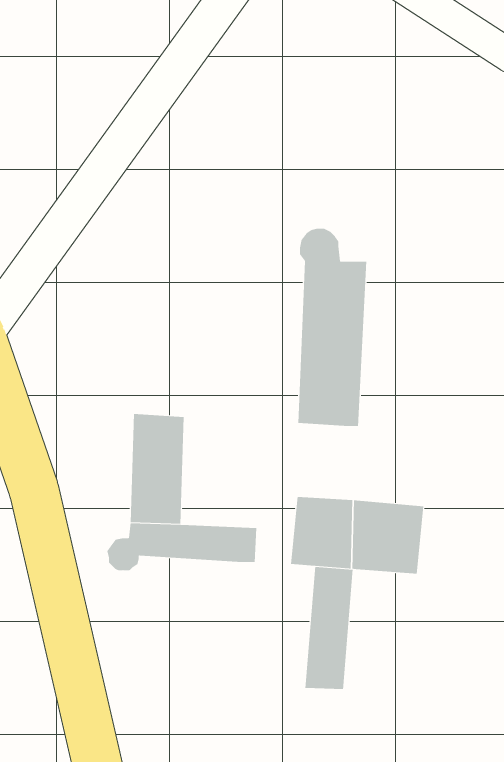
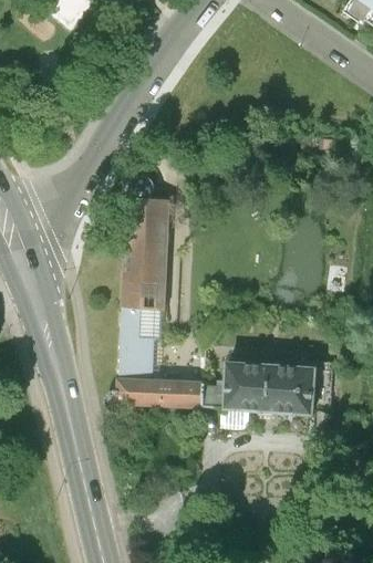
building: [298,228,367,427] -> [123,177,169,310]
building: [305,566,353,690] -> none

